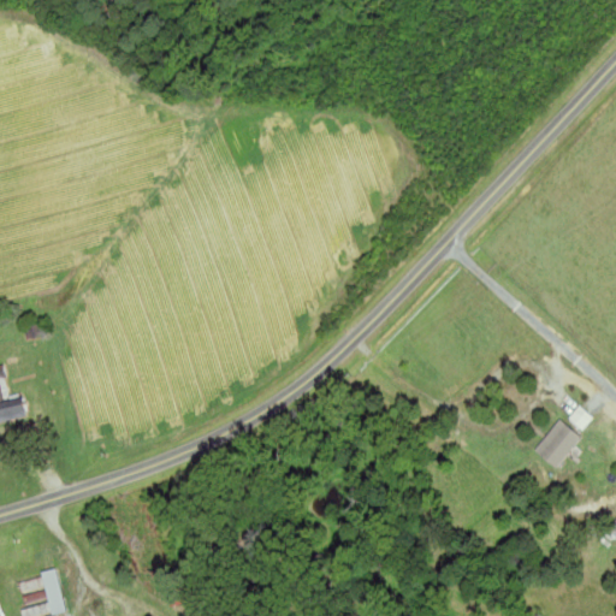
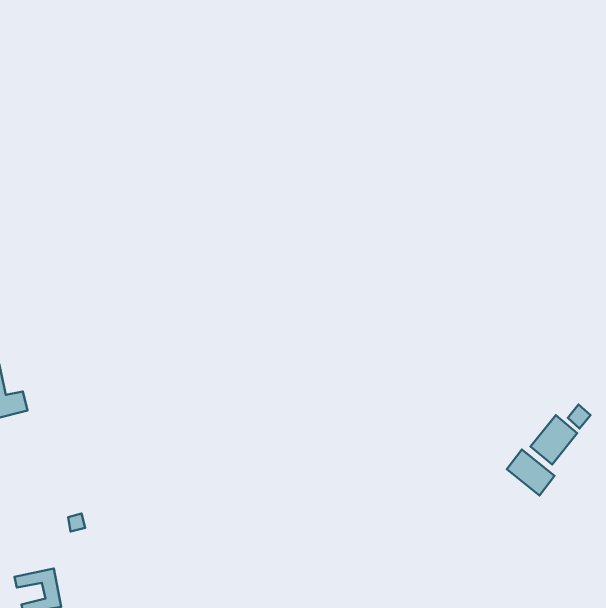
building: none -> [507,450,555,495]

